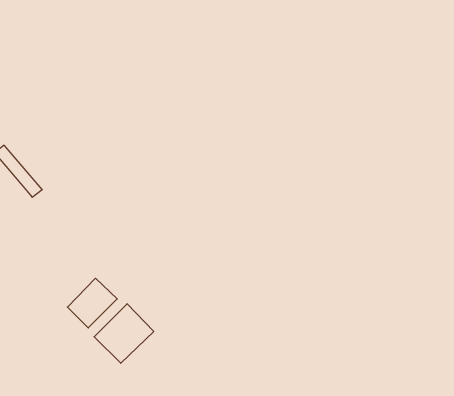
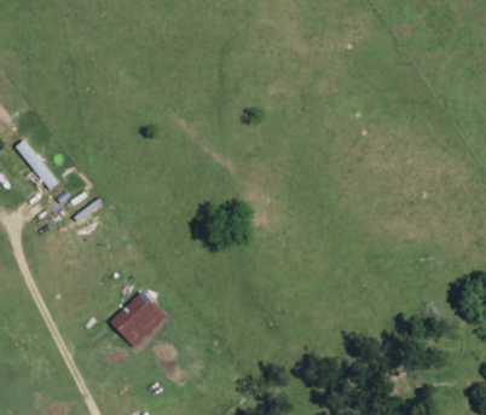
building: [67,278,117,328] -> none

